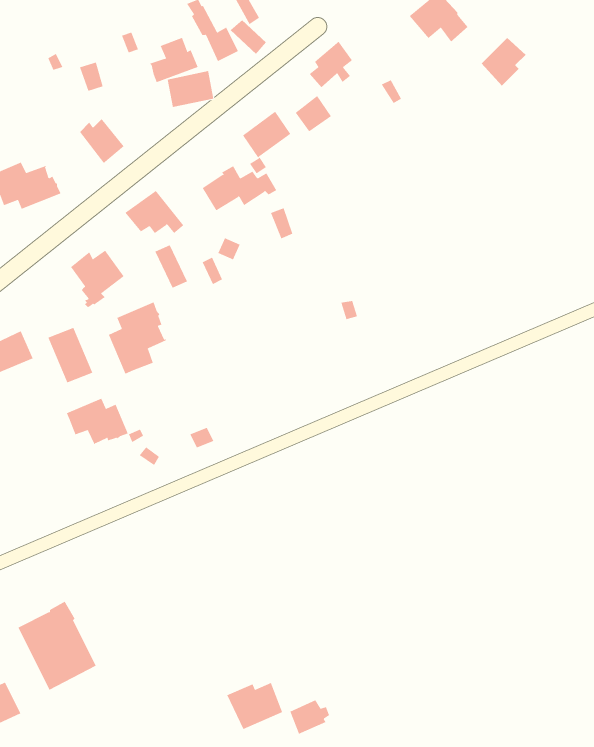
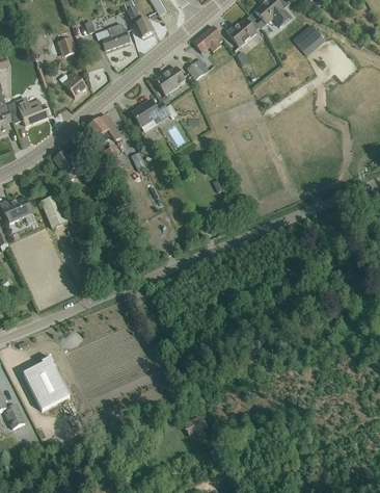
building: none -> [225,15,260,47]
building: [108,301,166,374] -> none
building: [66,398,129,445] -> none
building: [227,682,283,730] -> none

